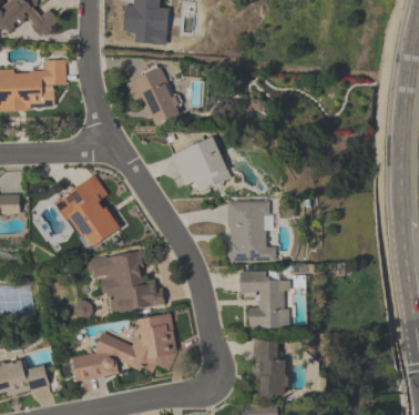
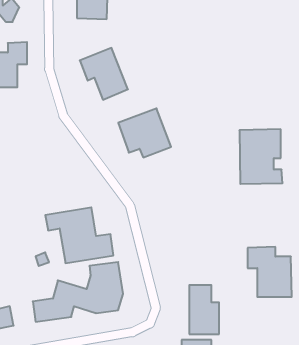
building: [55,174,120,249] -> none
building: [225,200,275,263] -> [239,129,283,184]
building: [238,270,289,327] -> [248,247,292,297]

